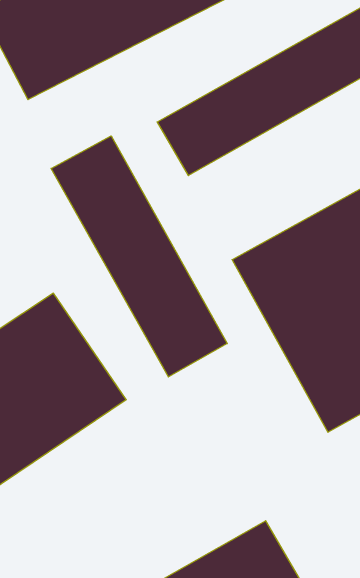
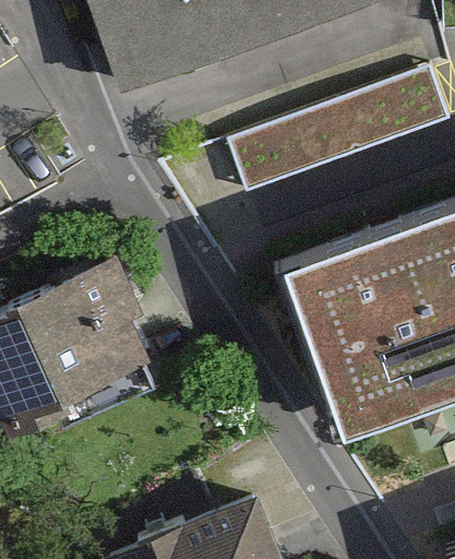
building: [51,136,227,377] -> none

